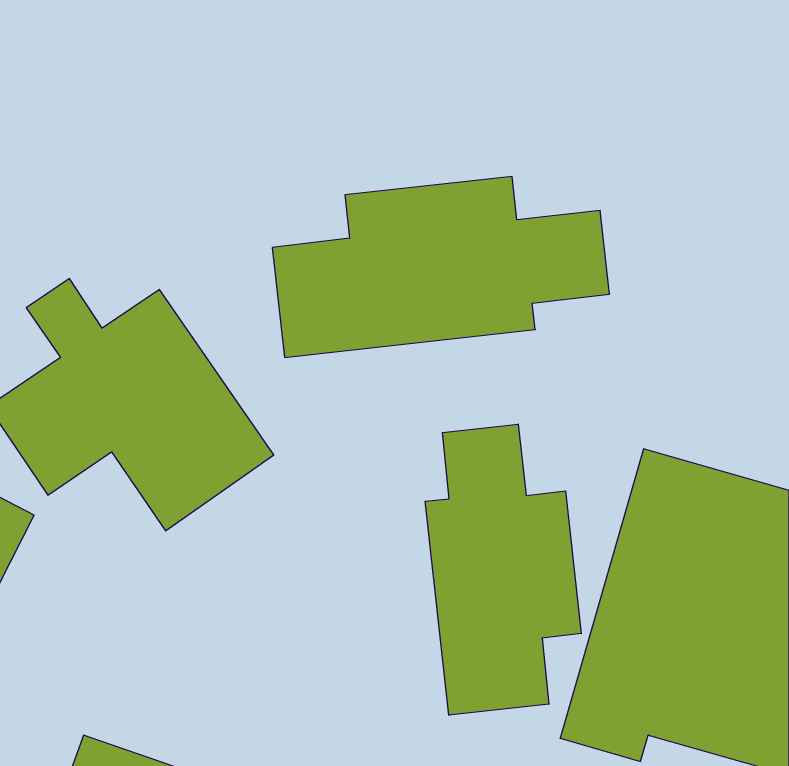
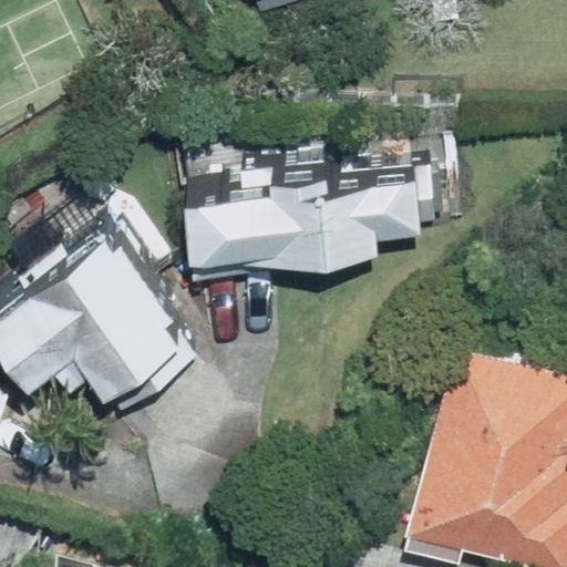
building: [425,424,581,715] -> none

